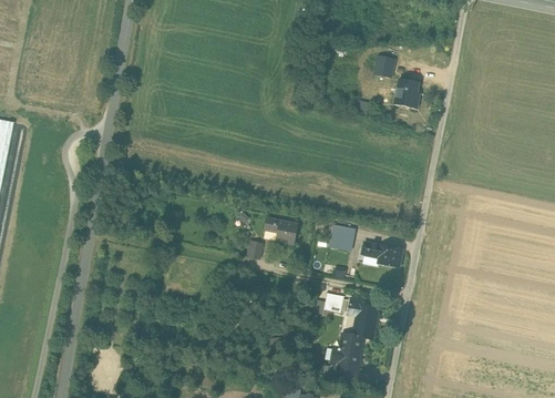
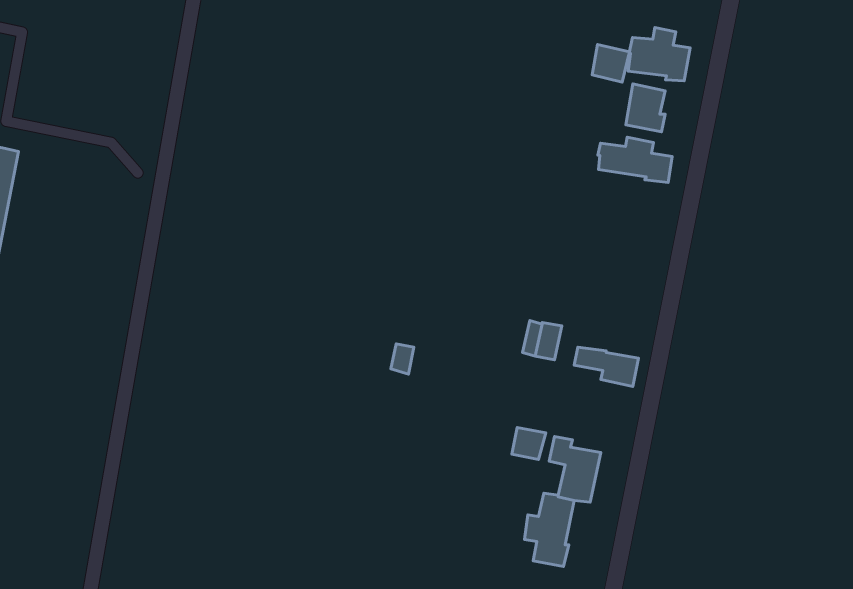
building: none -> [628,28,690,81]
building: none -> [598,137,672,182]
building: [264,218,297,244] -> none

